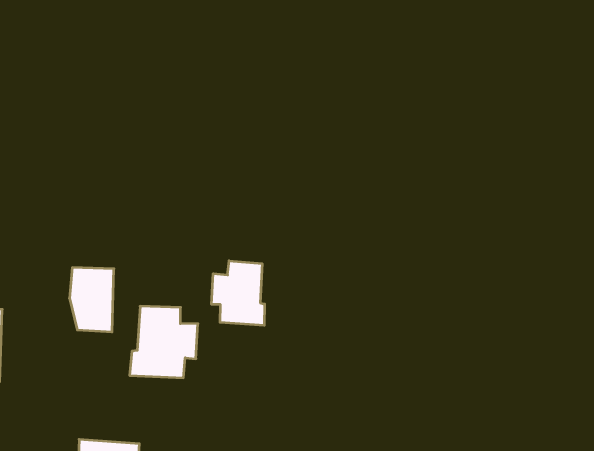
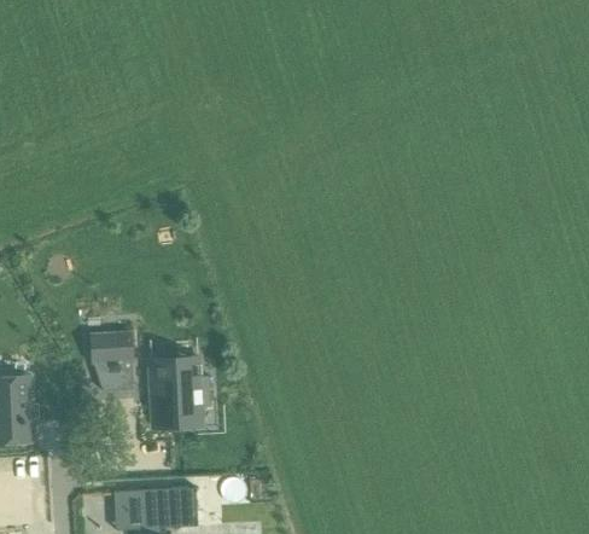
building: [212,261,265,325] -> none

